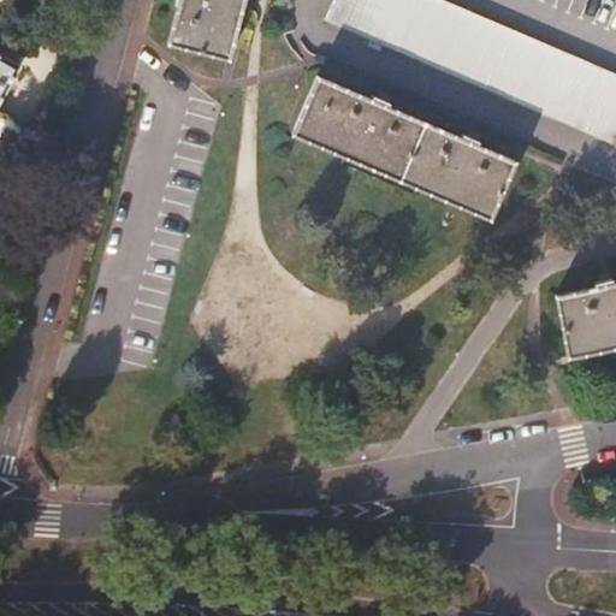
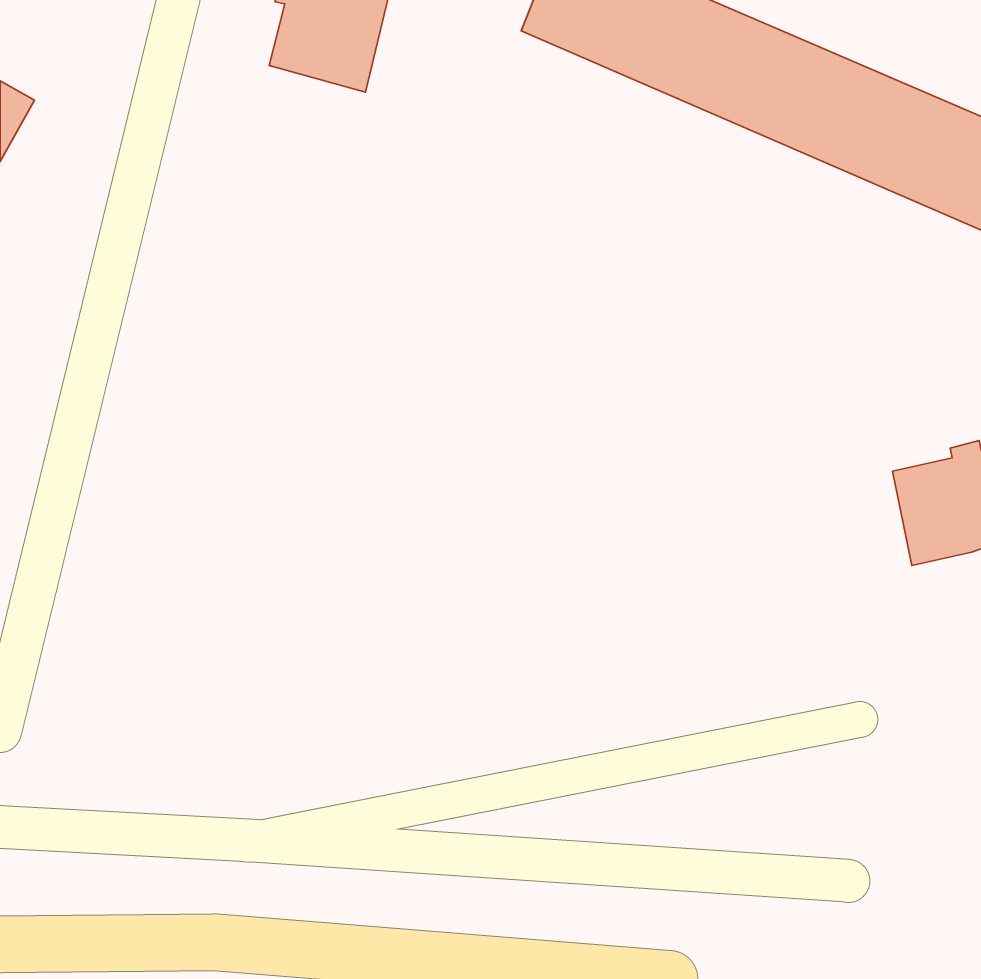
building: [296,76,516,217] -> none

